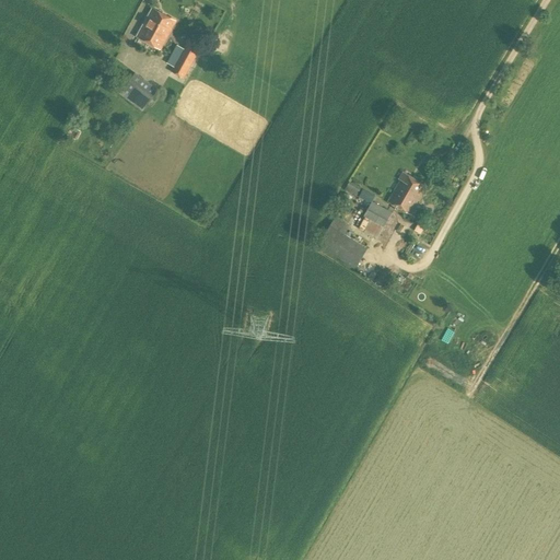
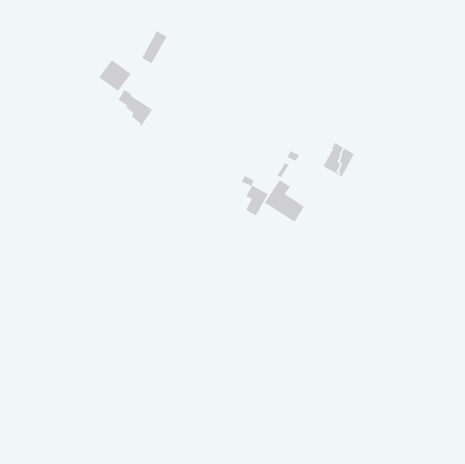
building: [137,7,175,48] -> none
building: none -> [118,89,153,127]
building: [358,188,392,238] -> [241,175,269,217]

